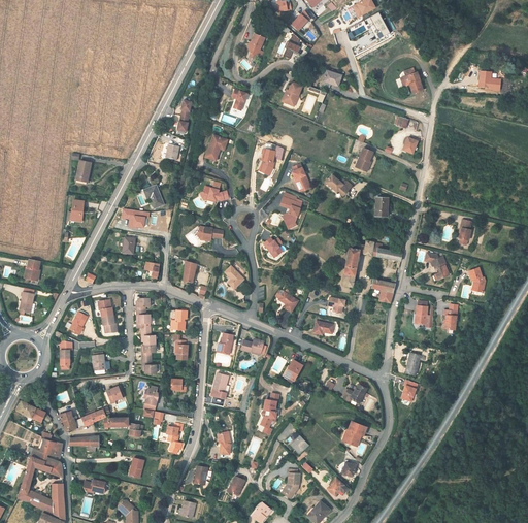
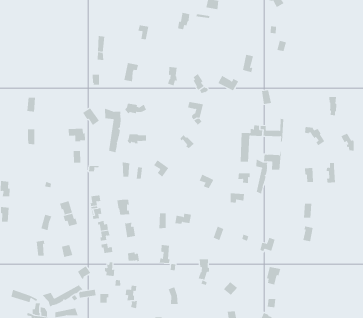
building: none -> [104,108,121,153]
building: none -> [256,158,268,194]

